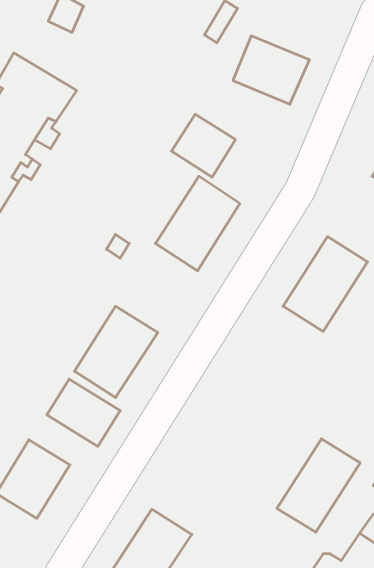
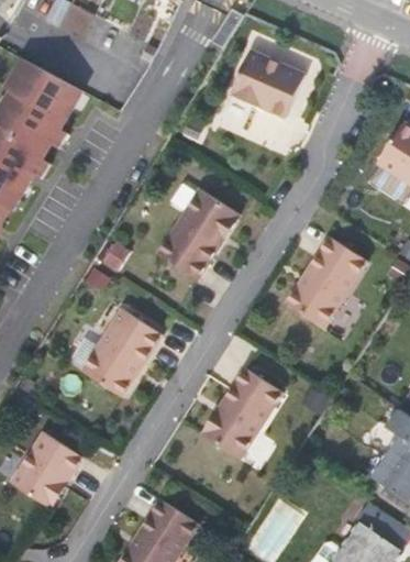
building: [171,114,235,177] -> none
building: [47,379,120,446] -> none
building: [277,439,360,532] -> [200,368,280,459]

